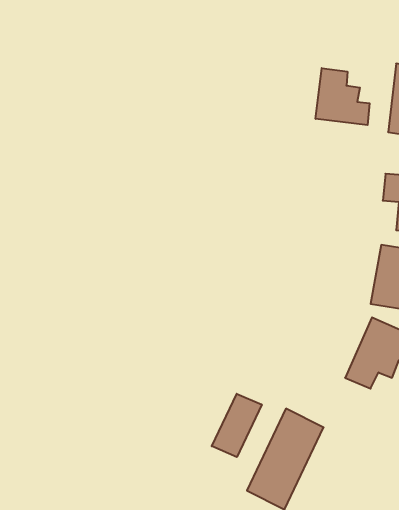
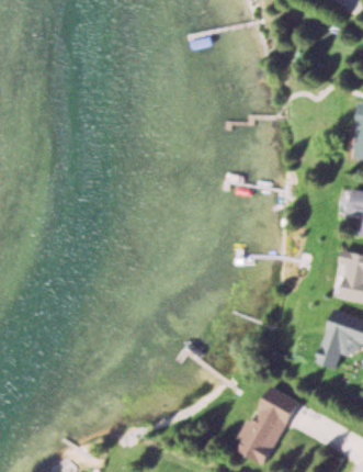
building: [316,68,370,125] -> none
building: [212,394,262,457] -> none

